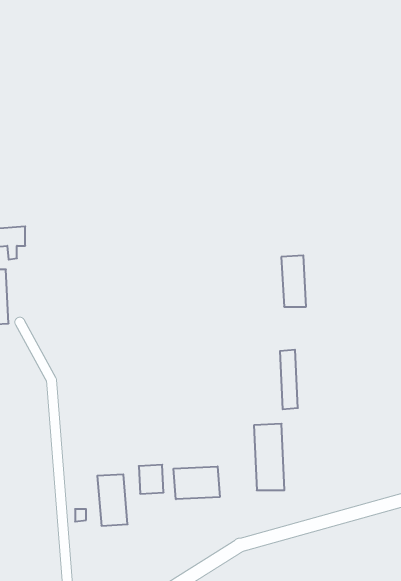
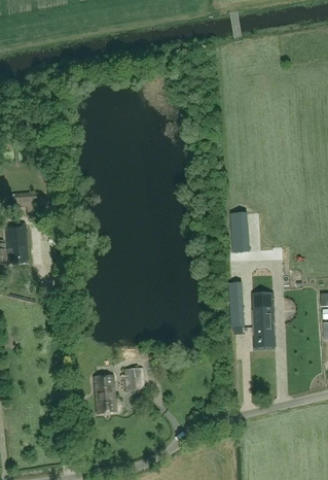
building: [254,424,284,490] -> [252,296,275,345]
building: [174,466,220,499] -> none

